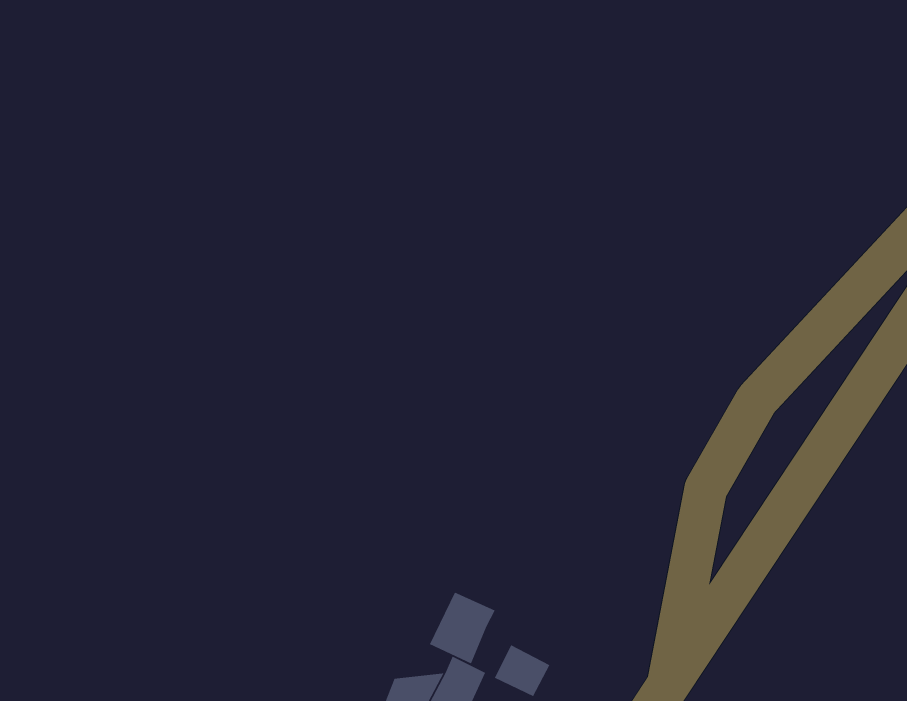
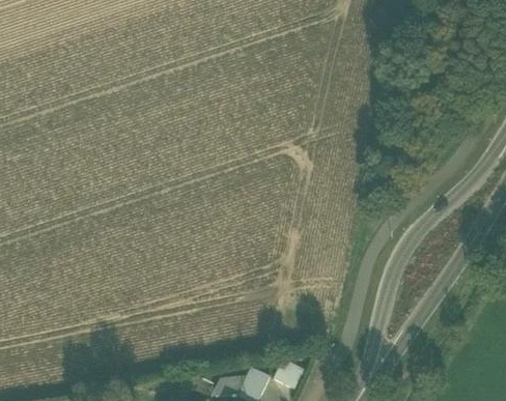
building: [429,591,496,665] -> none

